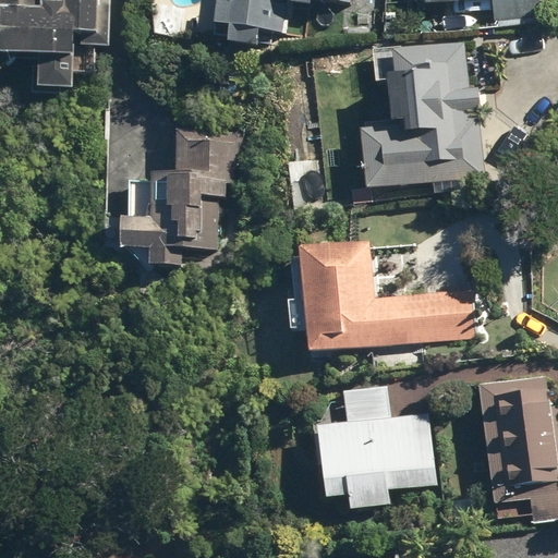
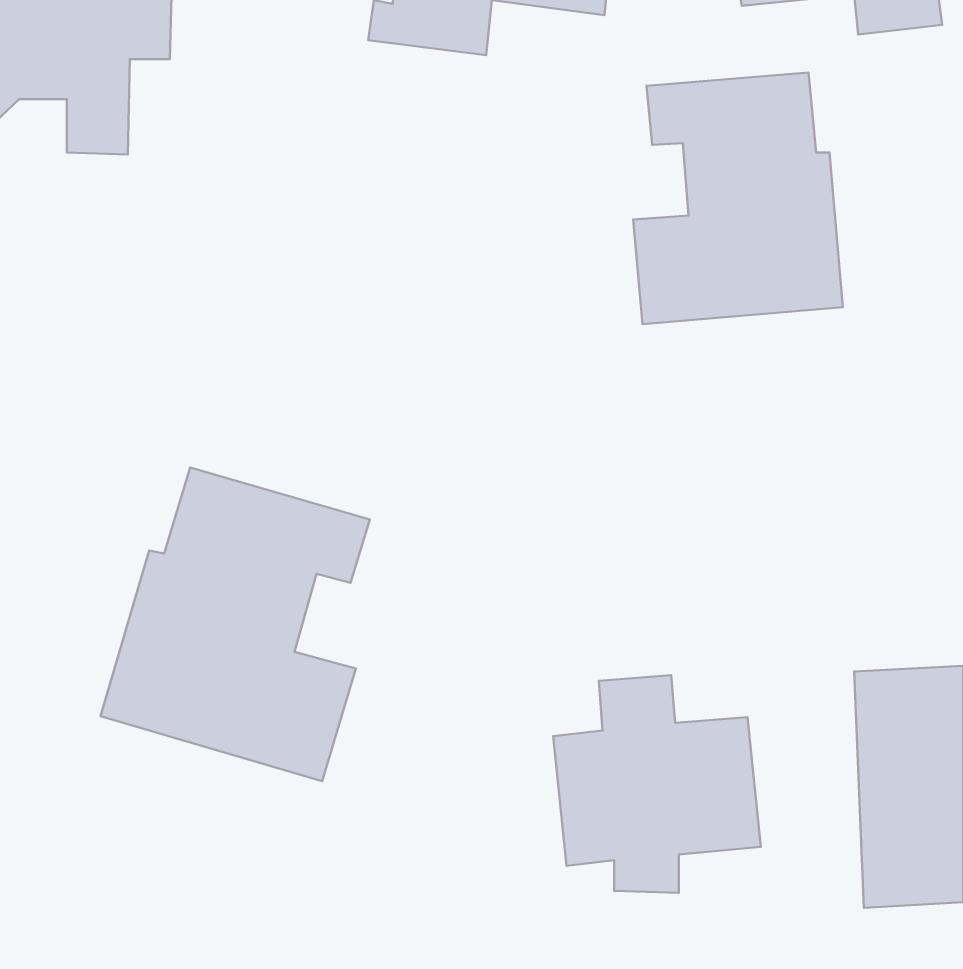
building: [120,130,241,264] -> none
building: [300,241,471,349] -> none
building: none -> [101,468,370,781]

